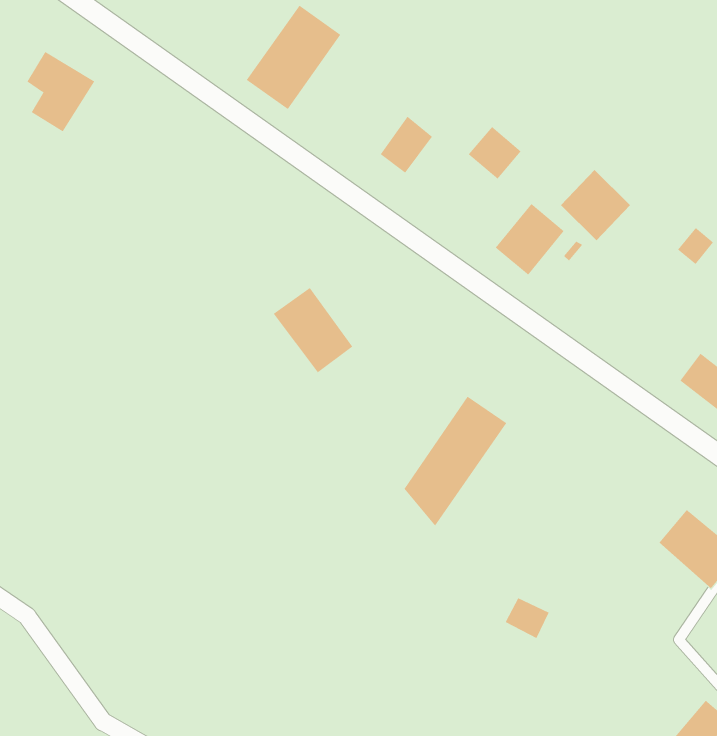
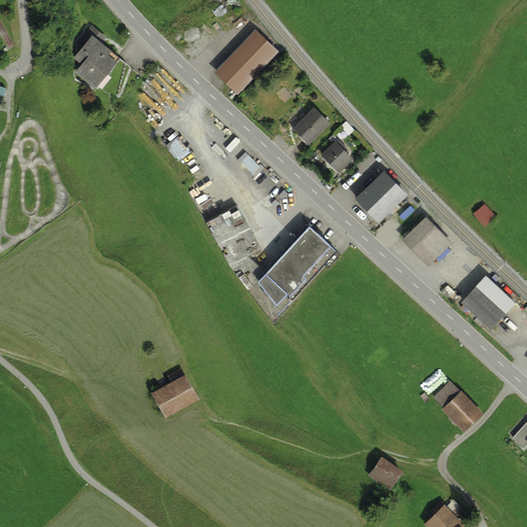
building: [468,126,522,179] -> [320,141,354,175]
building: [560,169,631,241] -> [403,216,448,261]
building: [403,396,507,527] -> [262,224,333,304]
building: none -> [151,379,191,414]
building: [505,597,549,639] -> [367,460,396,488]

